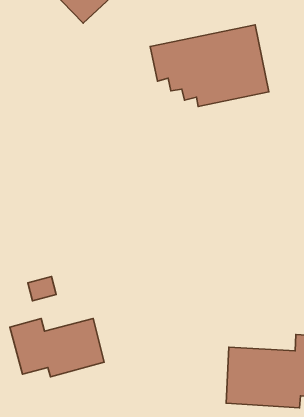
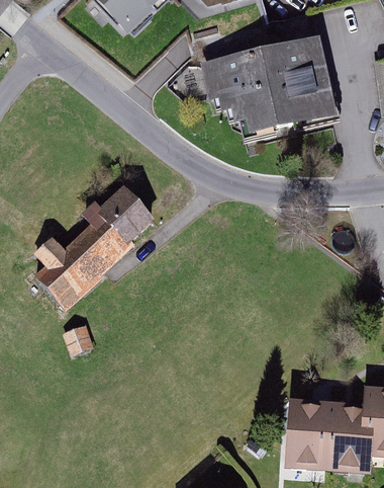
building: none -> [42,184,157,297]
building: [10,318,104,377] -> none

